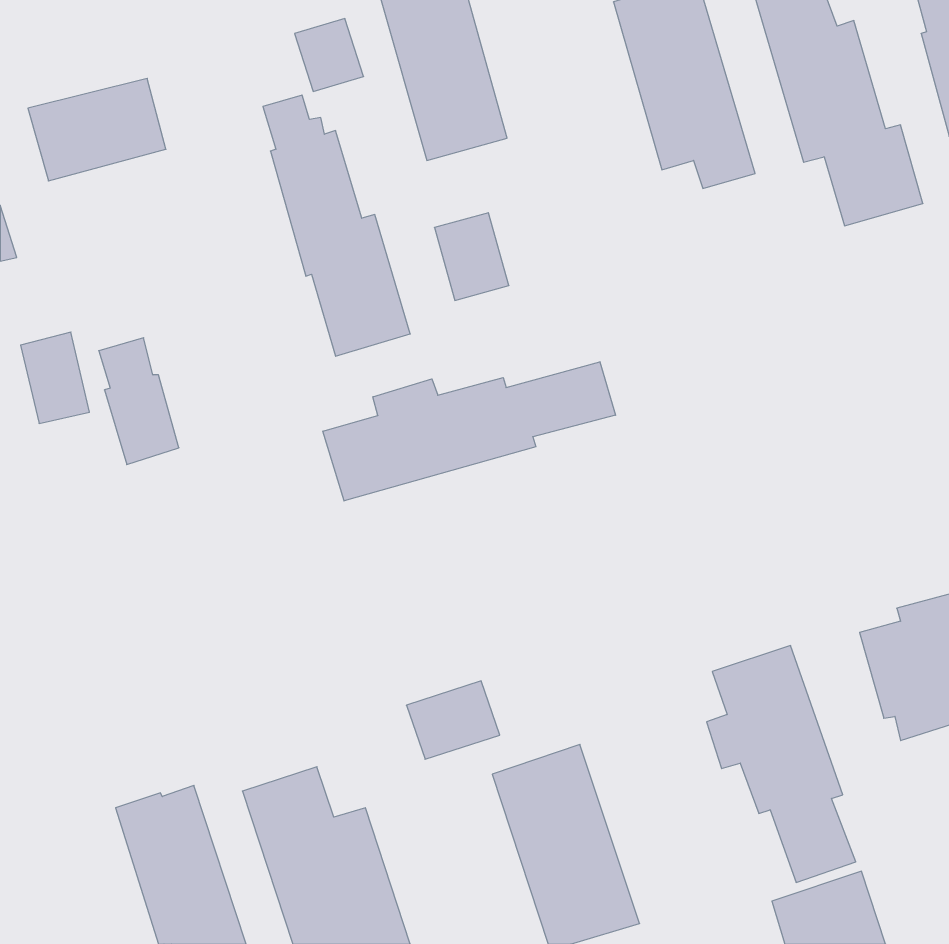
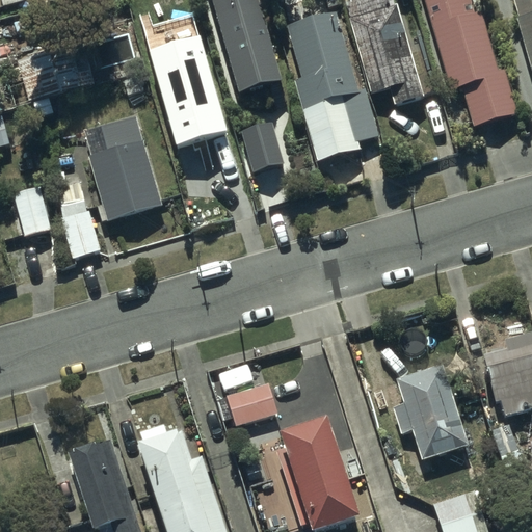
building: none -> [286,12,379,162]
building: none -> [84,116,162,222]
building: [323,362,616,501] -> none

